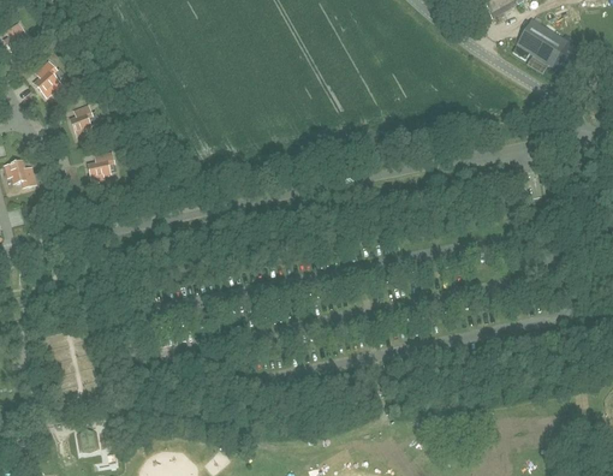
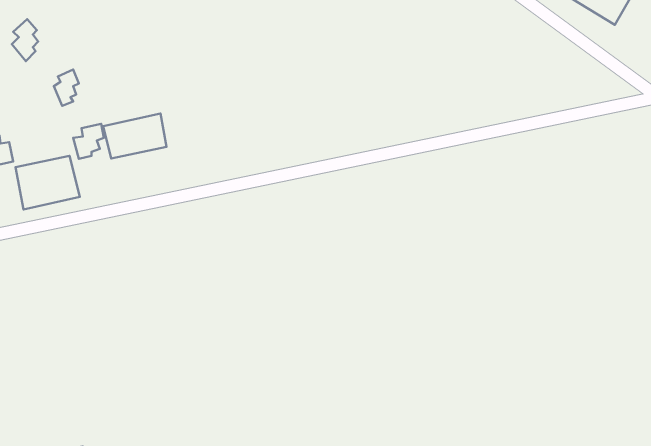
building: none -> [103,113,167,159]
building: none -> [15,156,80,209]

